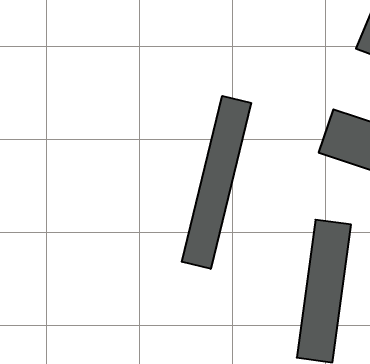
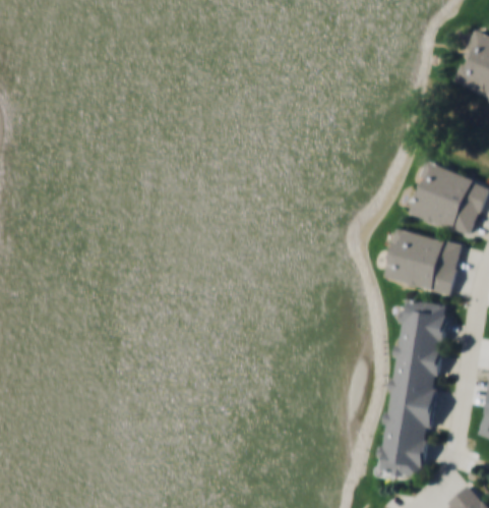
building: [182,96,251,269] -> none
building: none -> [383,229,463,295]

